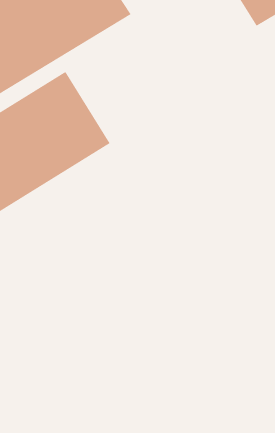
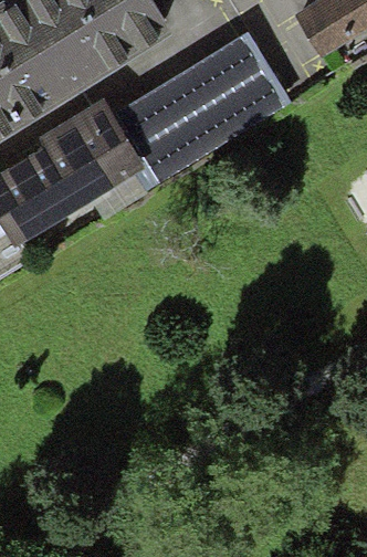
building: none -> [117,45,290,185]

